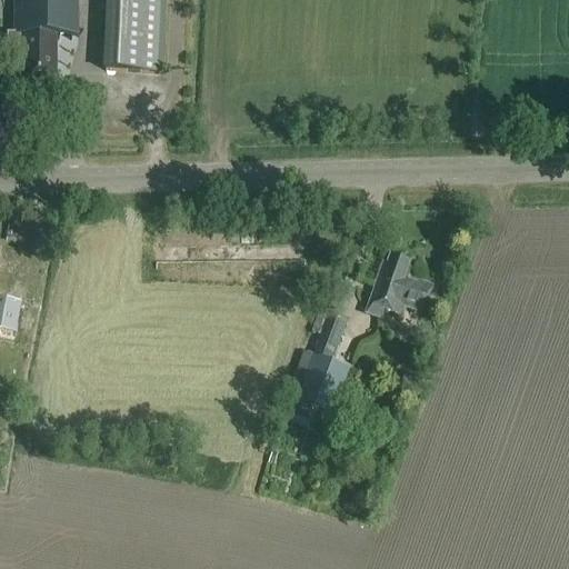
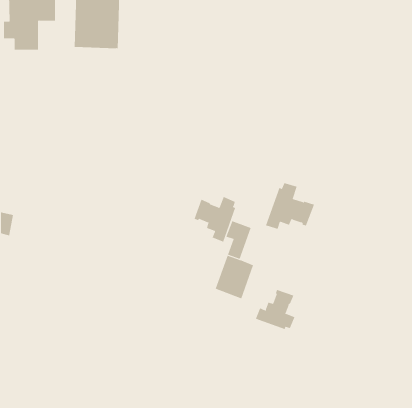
building: none -> [194,196,236,243]
building: none -> [255,289,295,330]

